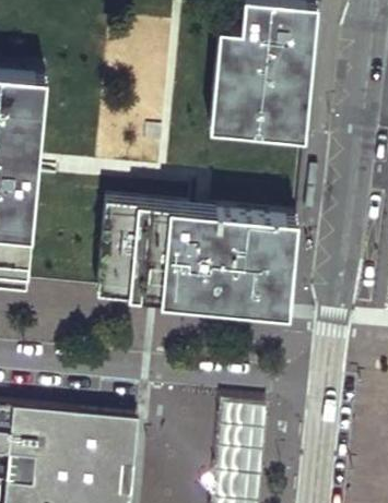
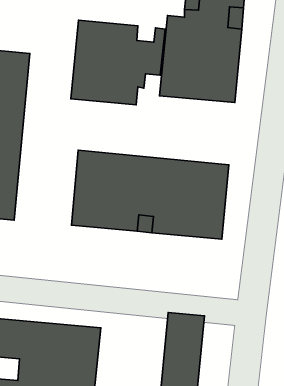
building: none -> [71,20,165,105]

